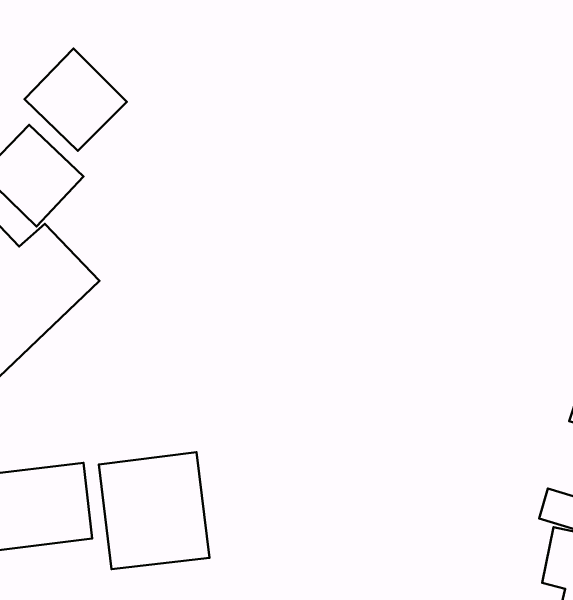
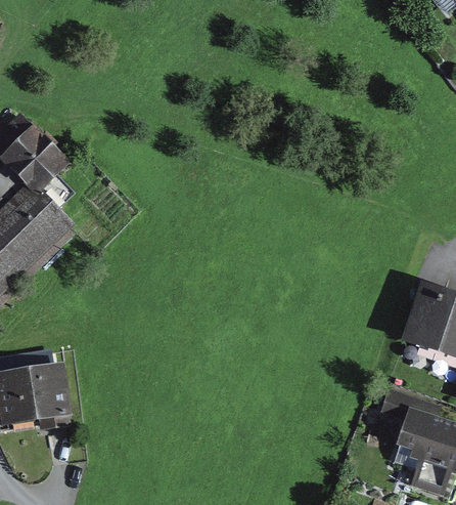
building: [24,49,127,151] -> none
building: [99,452,209,569] -> none

